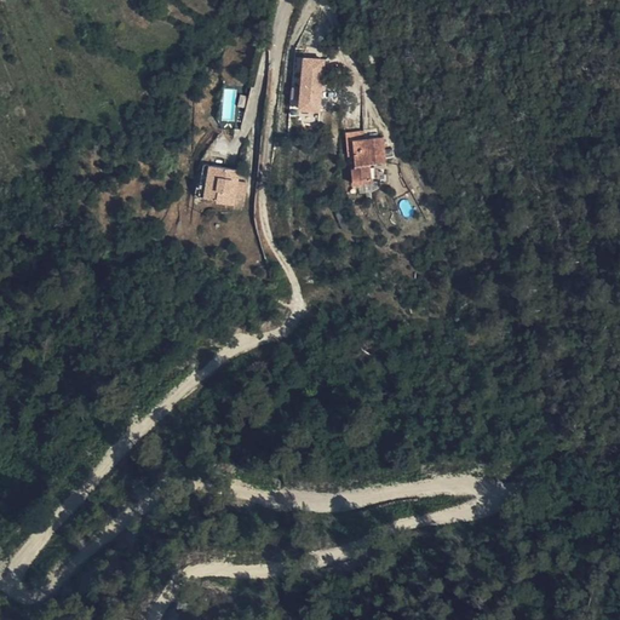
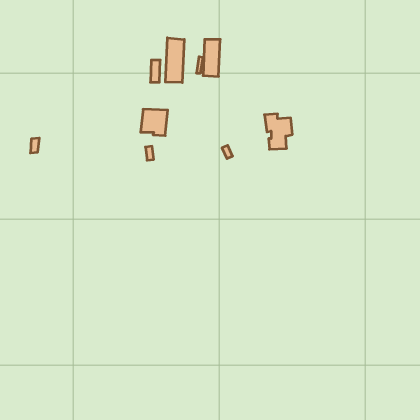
building: none -> [165,38,184,83]
building: [337,134,378,186] -> [264,114,292,149]

